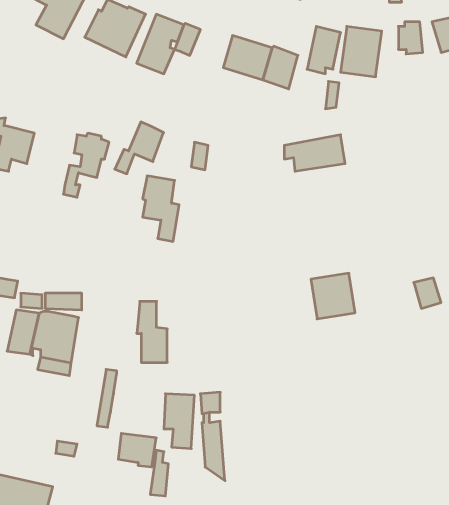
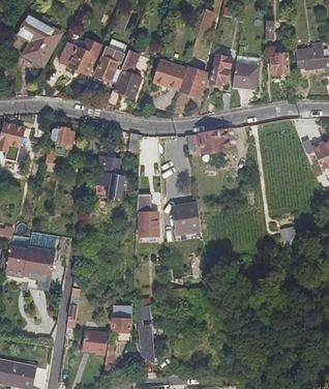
building: [115,122,164,174] -> [106,71,139,107]
building: [311,273,355,319] -> [173,203,203,234]
building: [137,301,167,362] -> [138,193,158,235]

